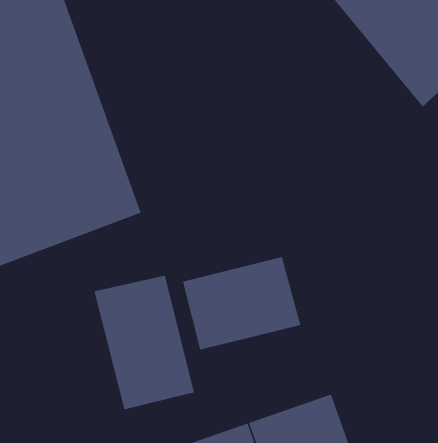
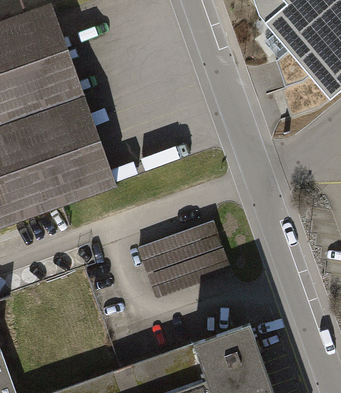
building: [94,275,195,410] -> none

